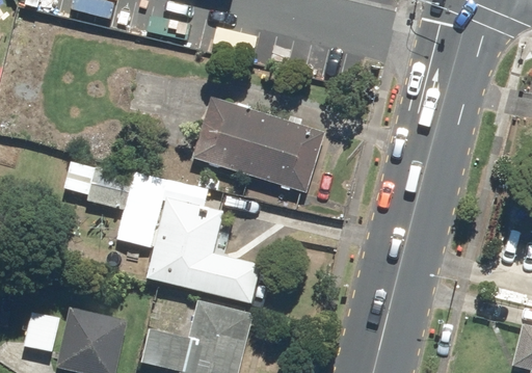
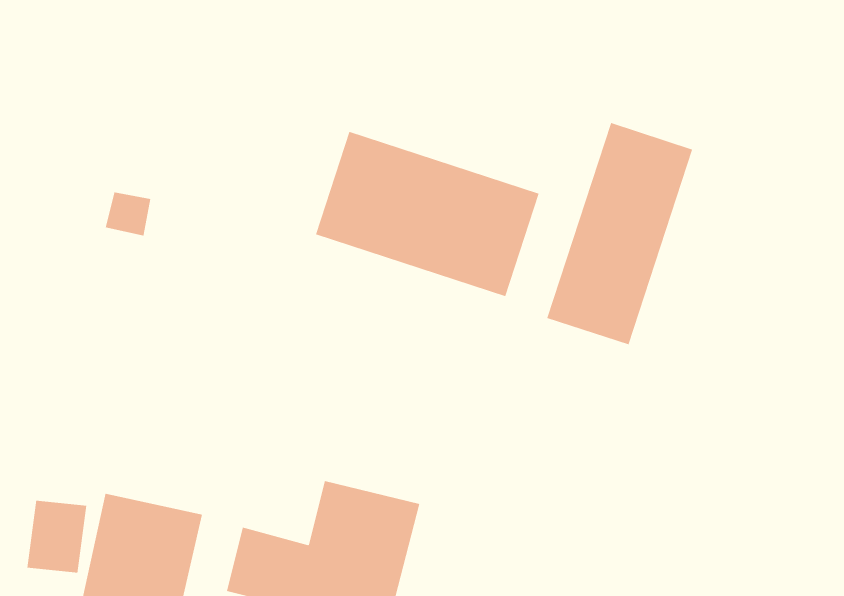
building: none -> [547,122,693,345]
building: [60,157,260,305] -> none

